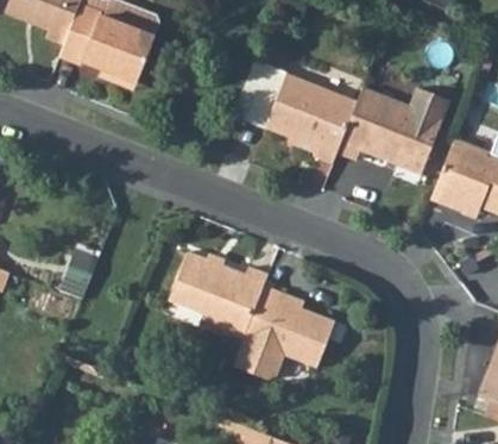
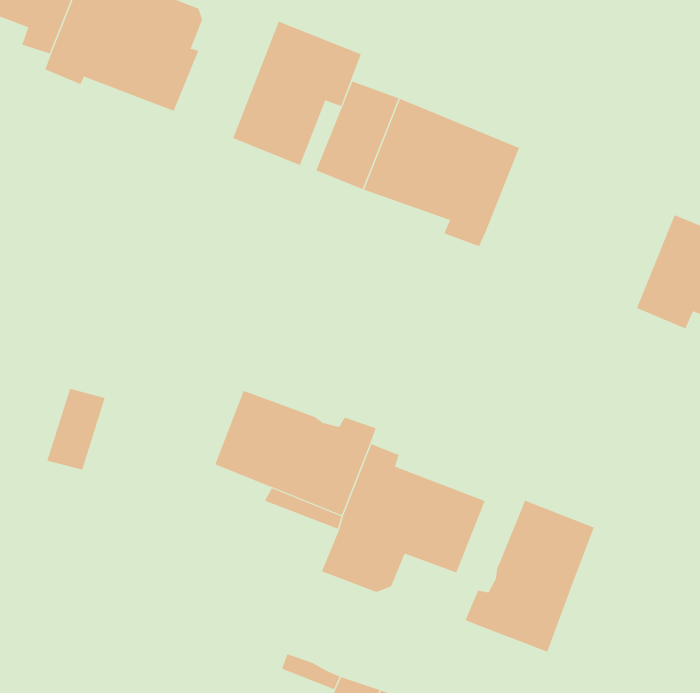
building: none -> [232,21,362,166]
building: [338,86,450,173] -> none
building: none -> [465,500,595,652]

